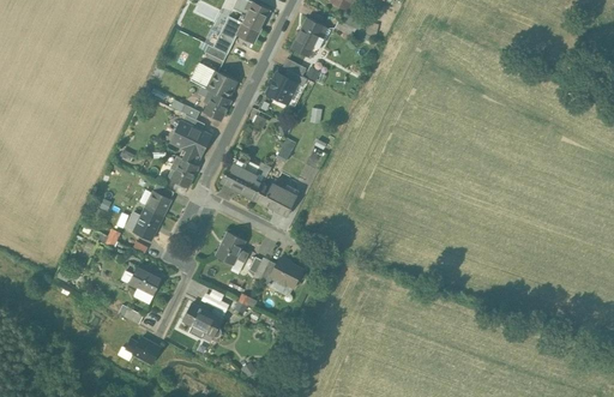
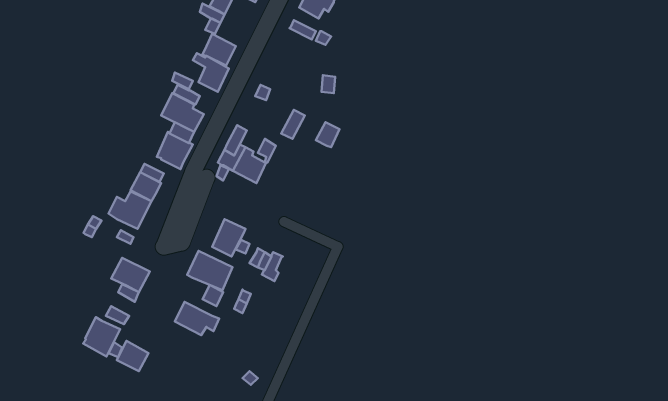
building: [266,73,297,104] -> none
building: [254,184,297,217] -> none
building: [271,258,302,288] -> none
building: none -> [187,251,232,290]
building: none -> [83,317,120,356]

